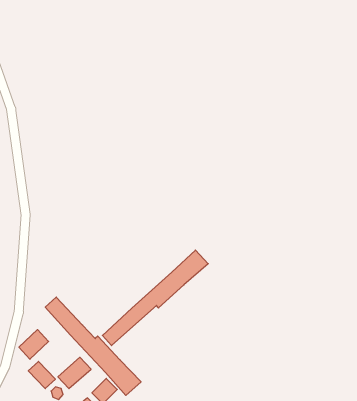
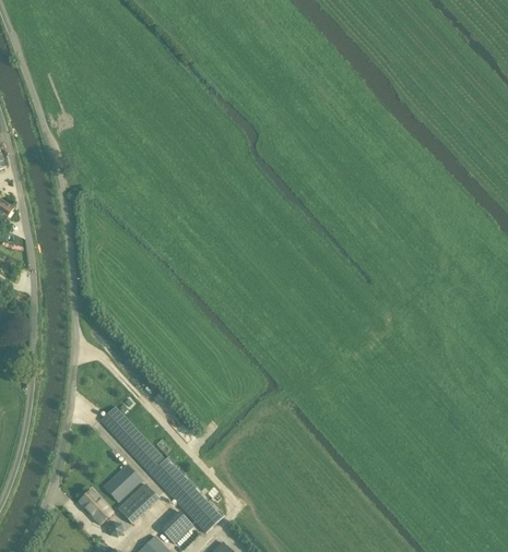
building: [102,250,208,346] -> none
building: [19,330,49,359] -> [103,464,141,502]

